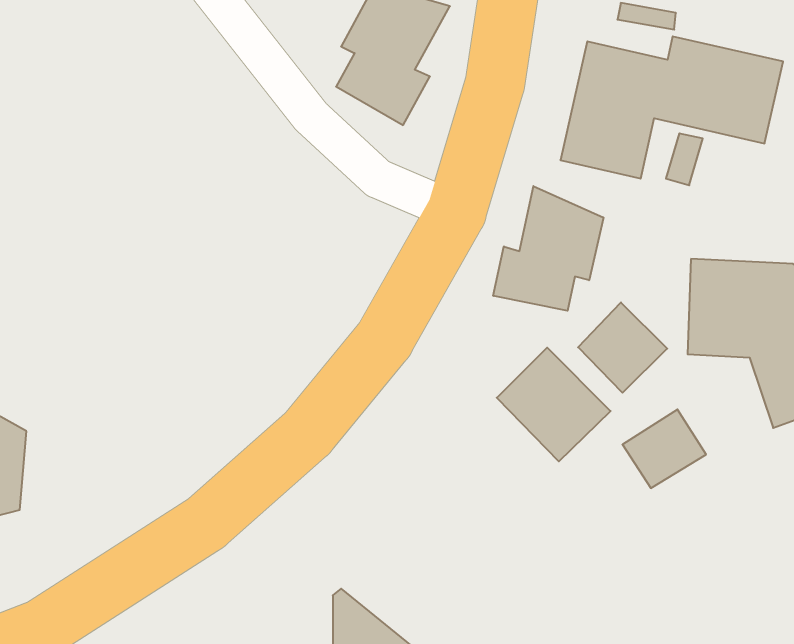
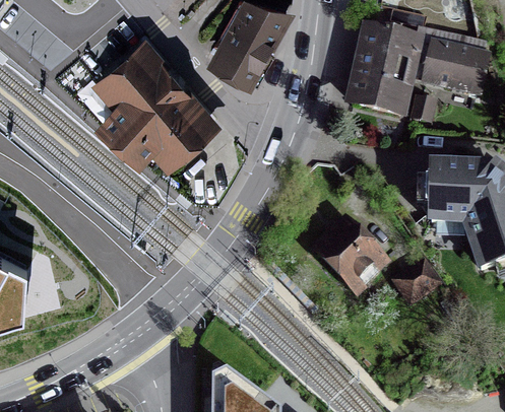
building: none -> [102,50,208,160]
building: [493,186,603,311] -> none
building: [578,302,667,393] -> none

